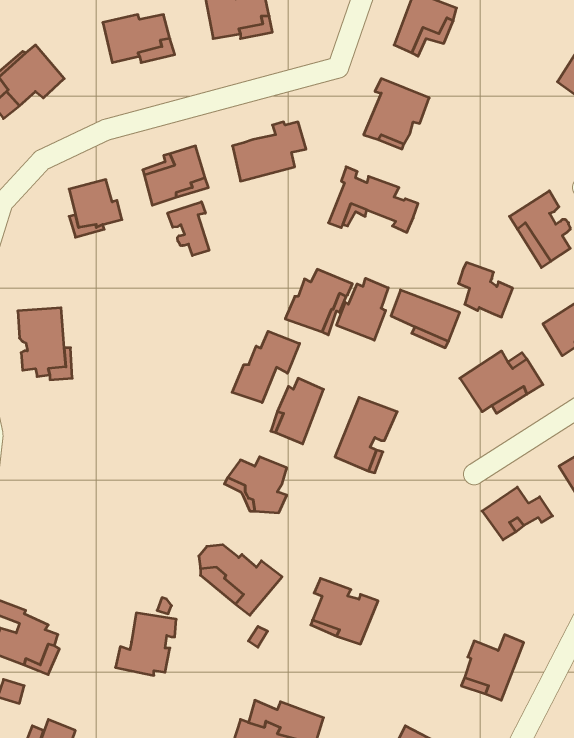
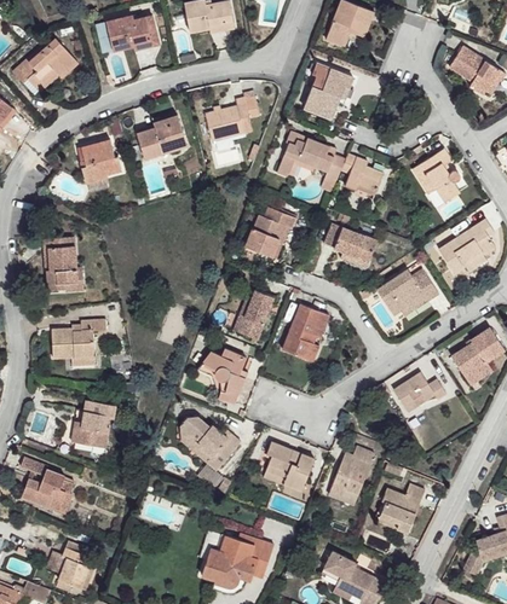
building: [168,202,209,256] -> none
building: [458,263,513,317] -> [341,153,382,194]
building: [337,278,388,340] -> none
building: [232,331,300,403] -> none
building: none -> [52,319,106,359]
building: none -> [330,446,374,495]
building: [115,613,176,675] -> [69,400,115,447]

